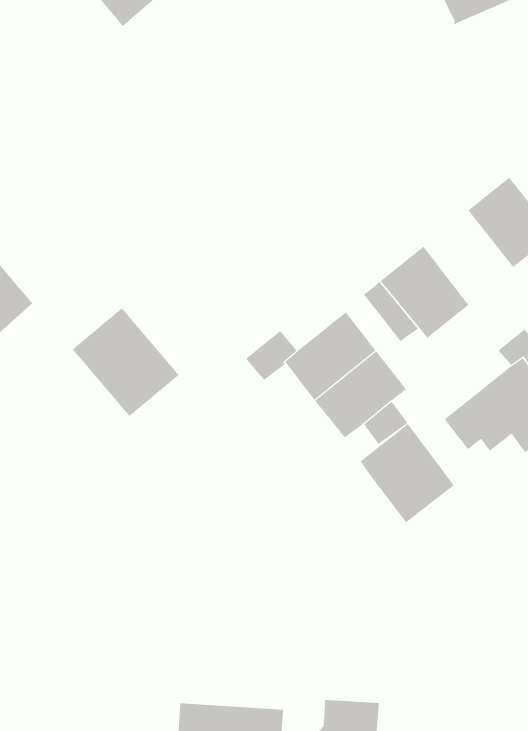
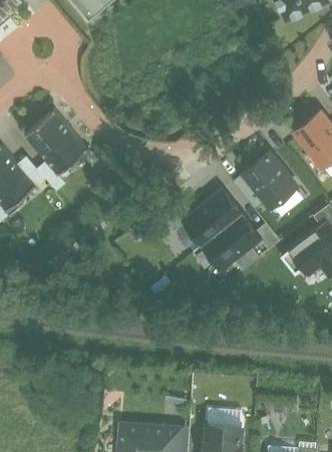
building: [72,307,180,417] -> [24,109,88,175]
building: [360,423,454,523] -> none

